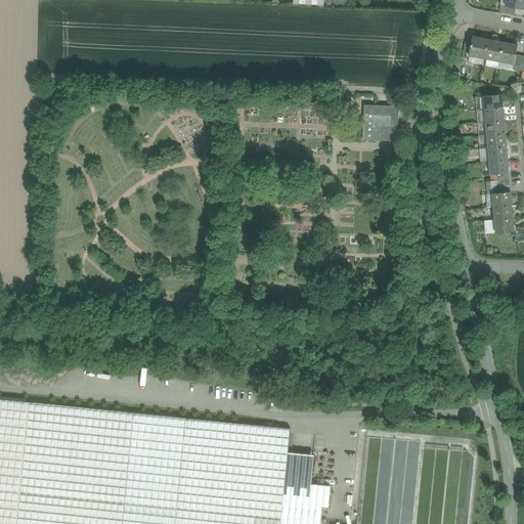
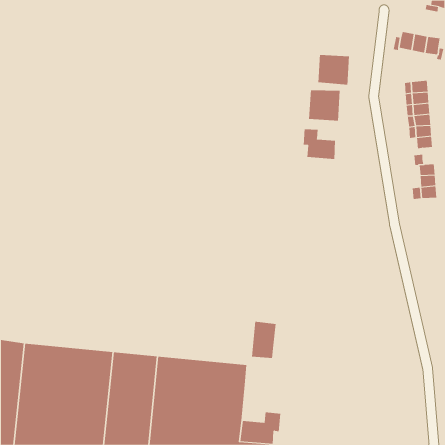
building: none -> [318,54,349,85]
building: none -> [303,129,336,160]
building: [285,452,314,496] -> [251,321,276,359]

